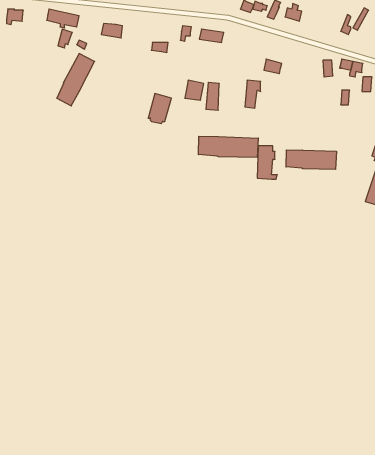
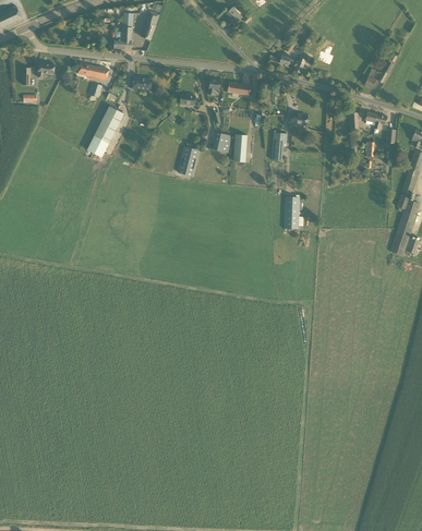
building: [198,136,258,157] -> none
building: [286,150,336,169] -> none

